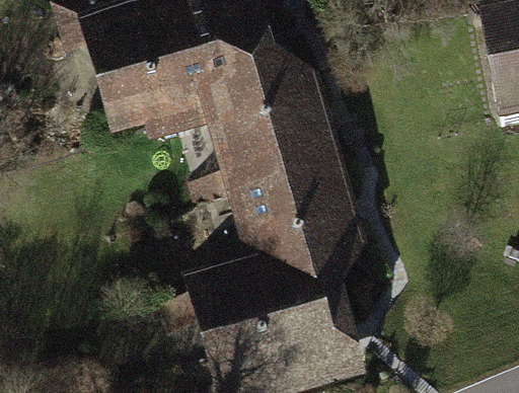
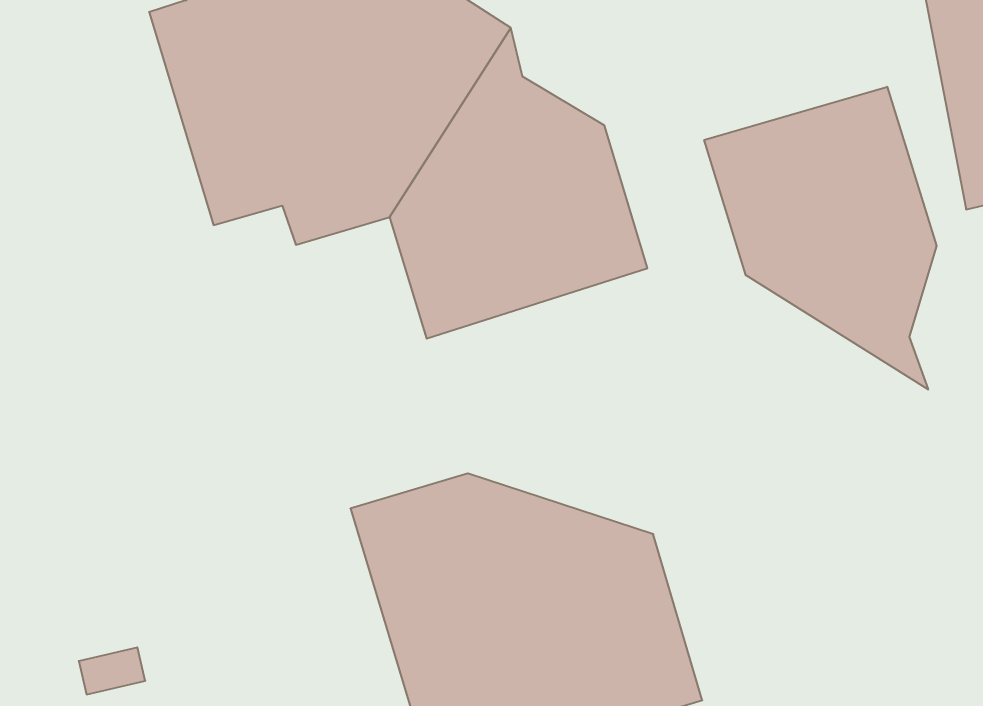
building: none -> [704,87,936,390]
building: [223,150,365,288] -> none

